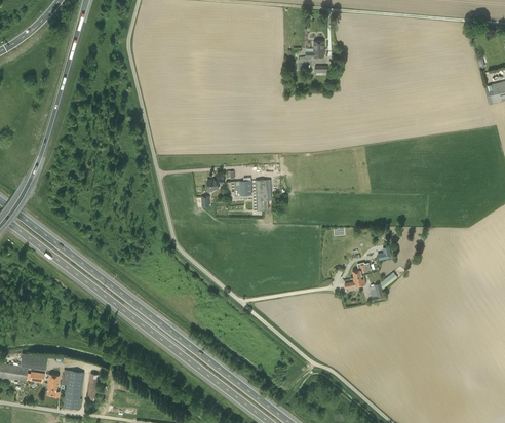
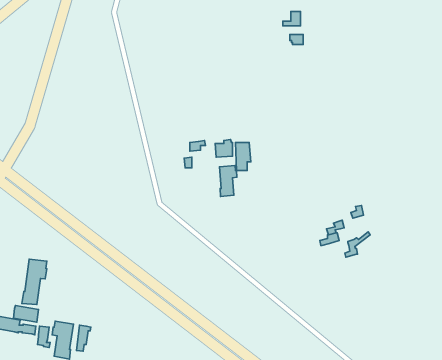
building: none -> [219,166,237,197]
building: none -> [22,259,47,305]

